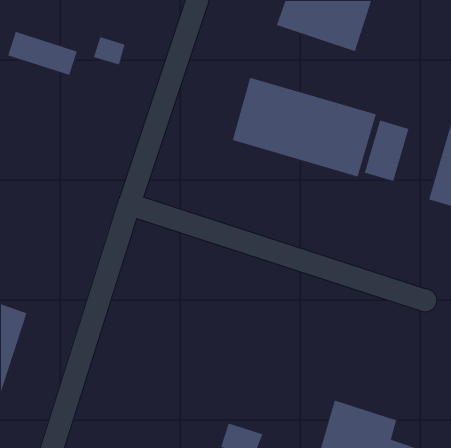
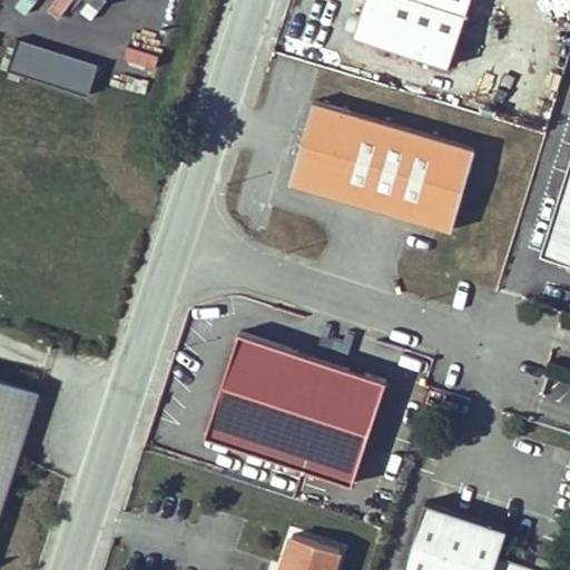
building: [364,120,410,182] -> none
building: none -> [205,333,387,485]

